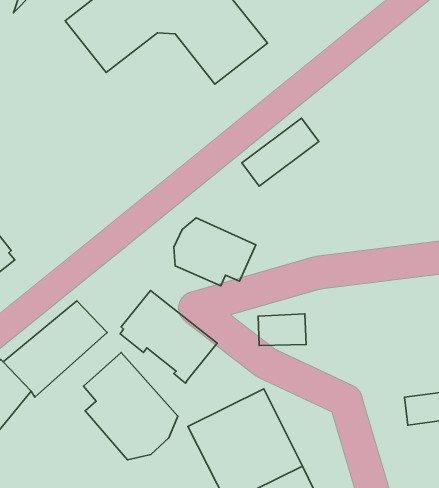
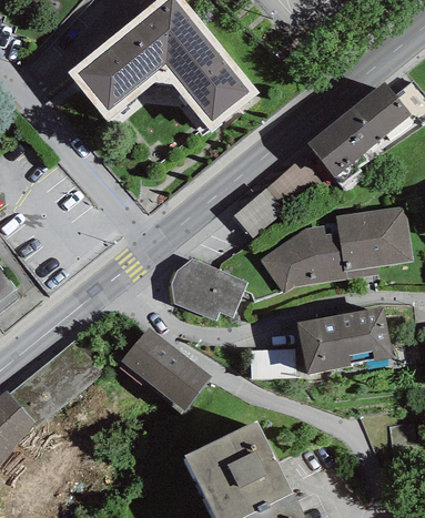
building: none -> [306,82,412,186]
building: none -> [259,206,413,294]
building: none -> [296,307,392,375]
building: [83,353,178,460] -> none

